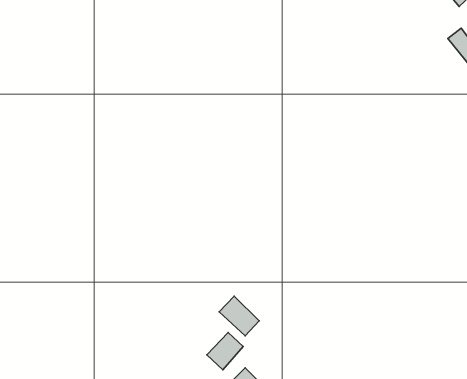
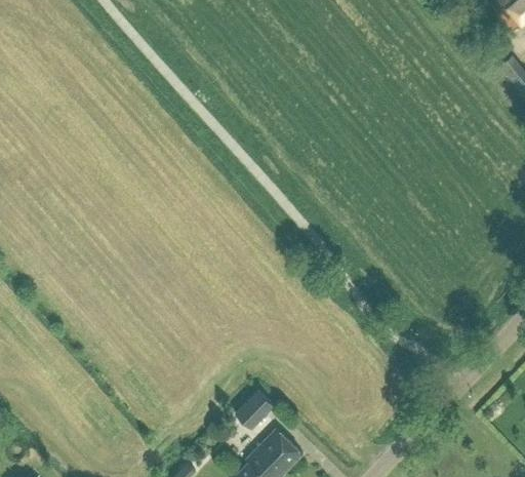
building: [219,296,259,336] -> none

